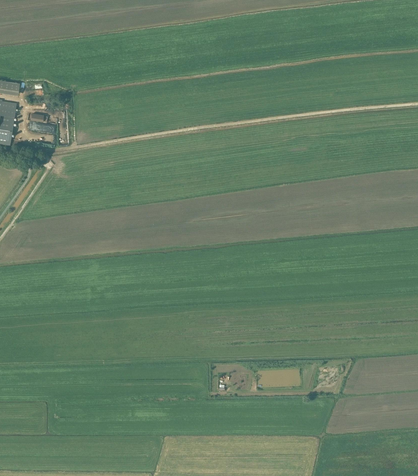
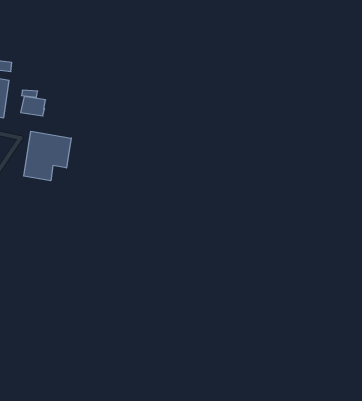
building: none -> [24,131,71,181]

